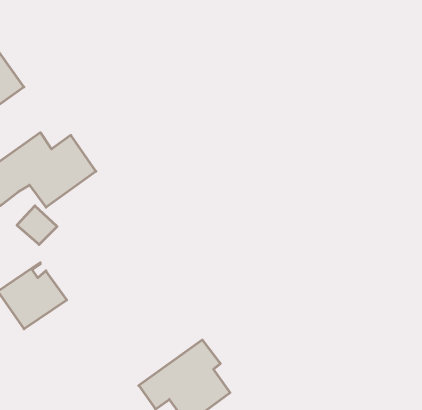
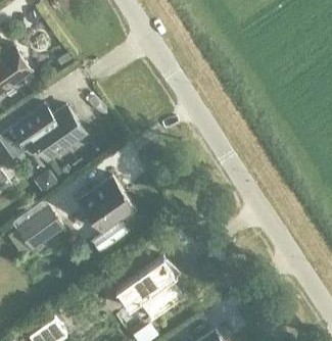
building: none -> [78,178,135,252]

